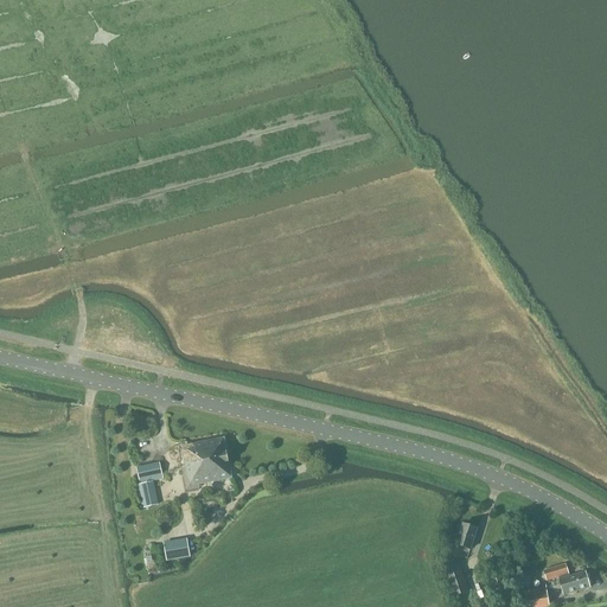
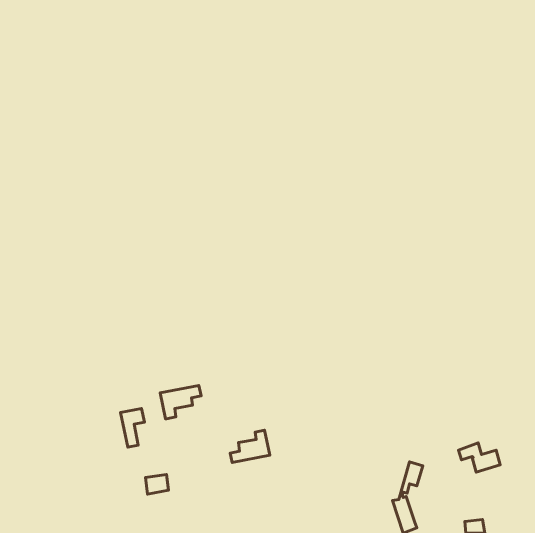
building: [189,448,234,485] -> [230,430,270,463]
building: [544,562,592,595] -> [458,443,500,472]

